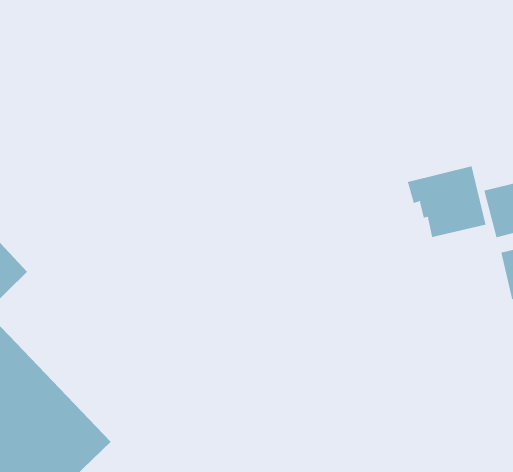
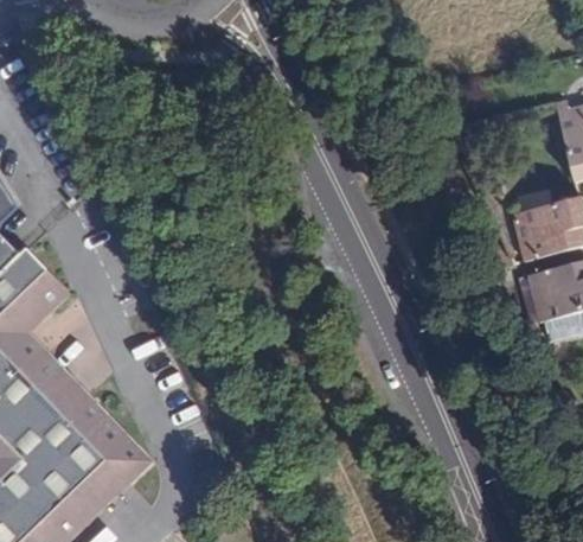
building: [407,166,486,238] -> none

